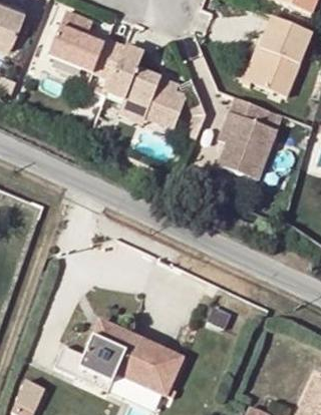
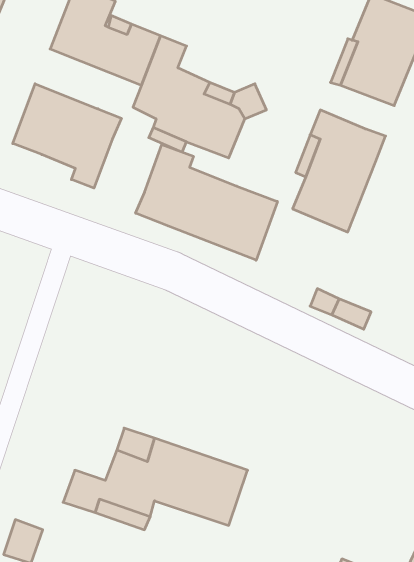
building: none -> [13,84,121,188]
building: none -> [136,144,277,260]

